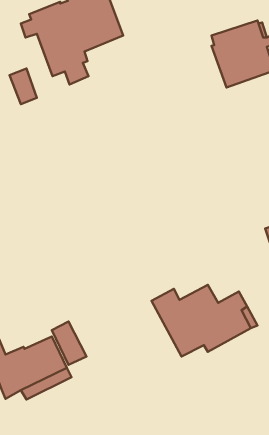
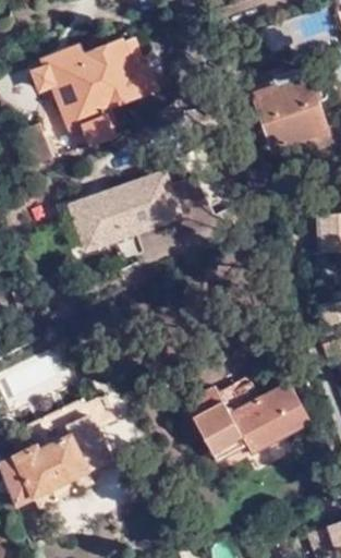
building: none -> [57,172,220,259]

